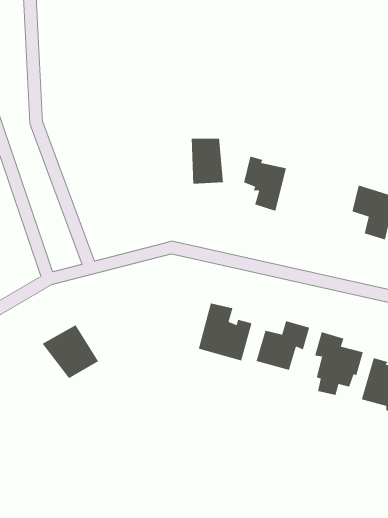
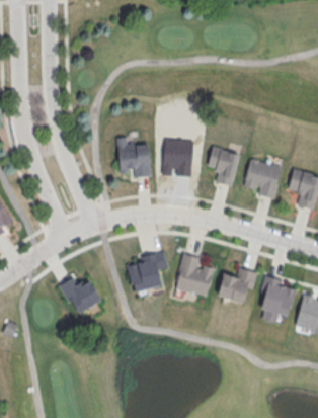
building: none -> [116,137,151,178]
building: none -> [242,157,281,197]
building: none -> [126,251,168,294]

